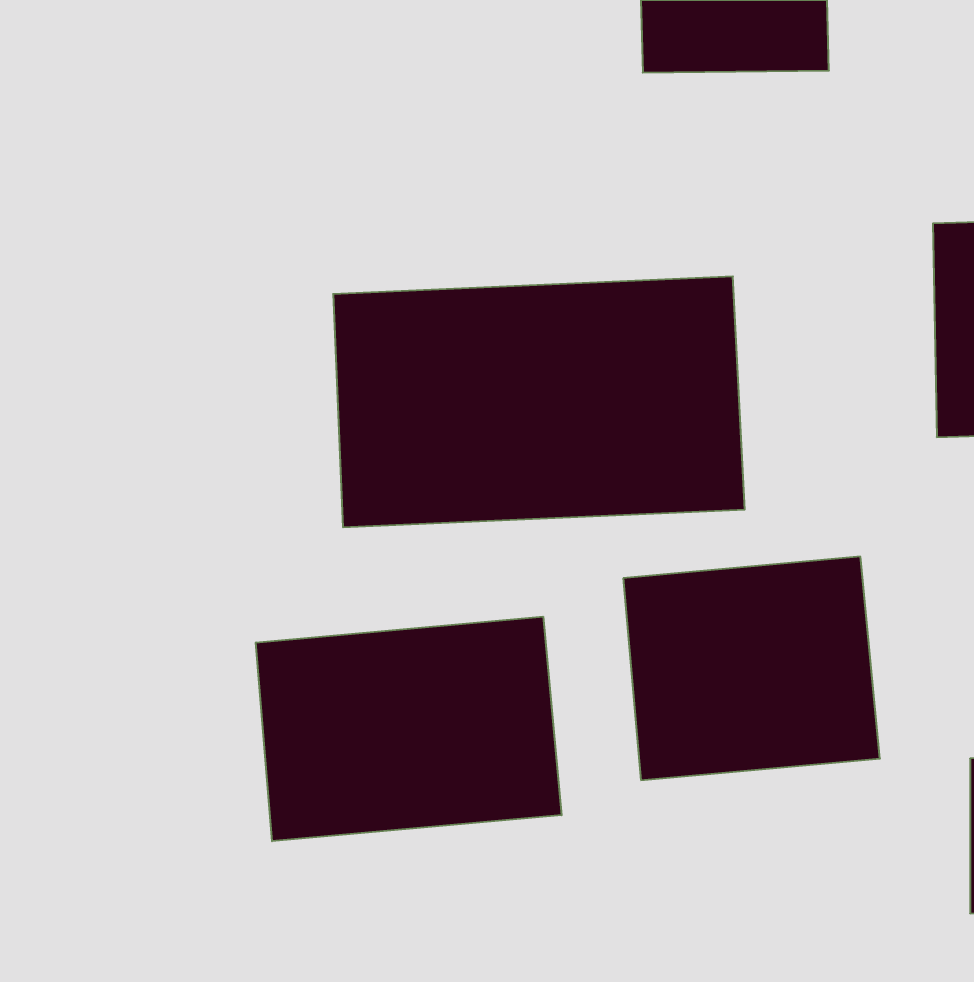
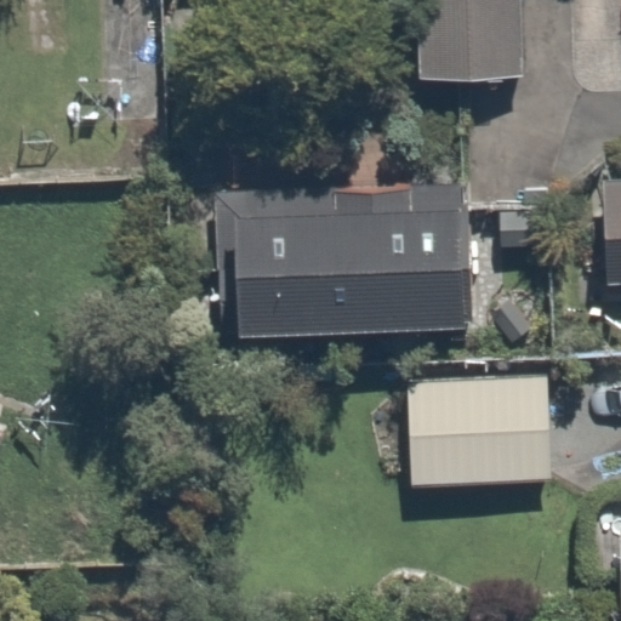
building: [256,617,562,841] -> none

